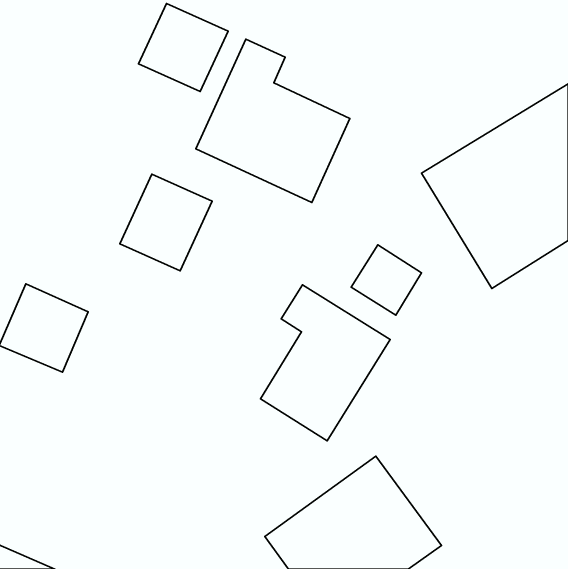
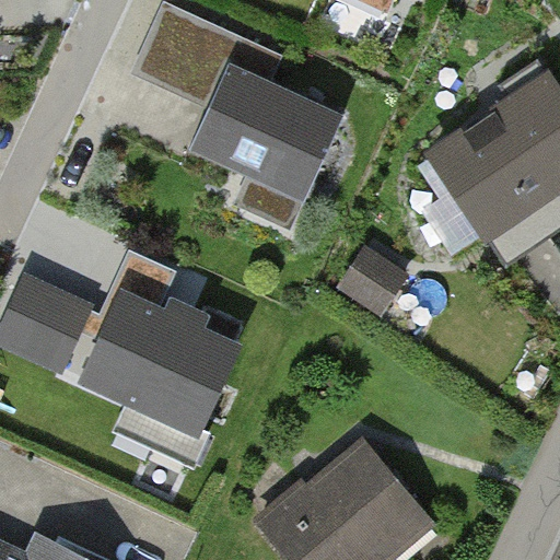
building: [120,174,212,271] -> none
building: none -> [83,256,236,429]
building: [260,285,390,441] -> none

